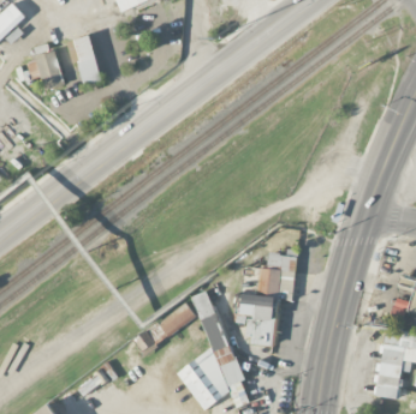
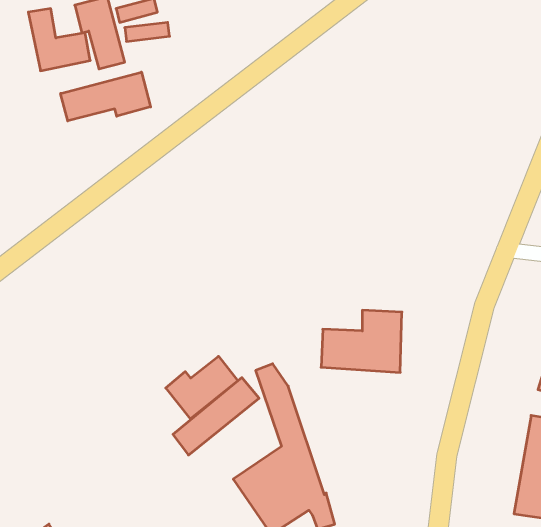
building: none -> [61,72,151,121]
building: none -> [166,356,238,419]
building: [233,294,275,346] -> none

